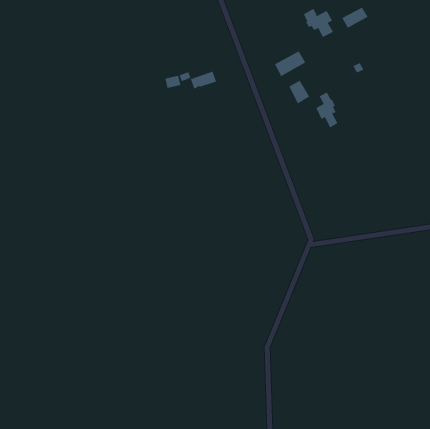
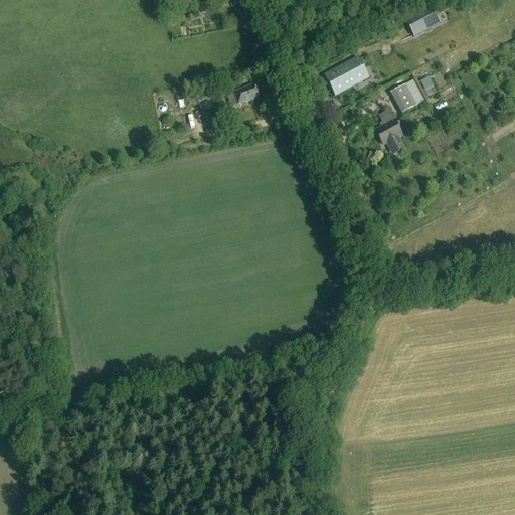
building: [303,8,334,38] -> none
building: [288,80,310,104] -> [391,84,417,114]

